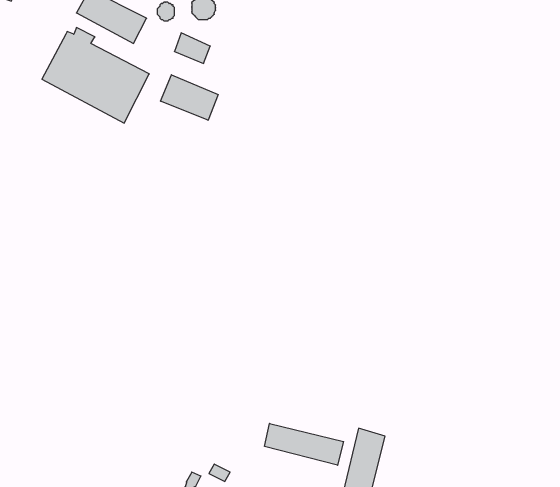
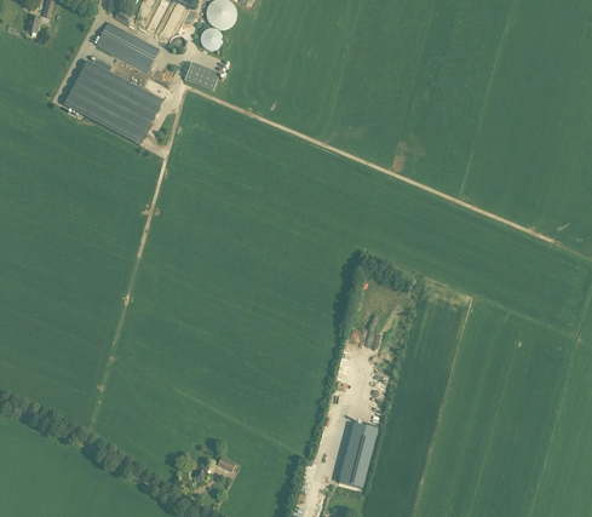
building: [161,75,218,120] -> none
building: [265,423,344,465] -> none

